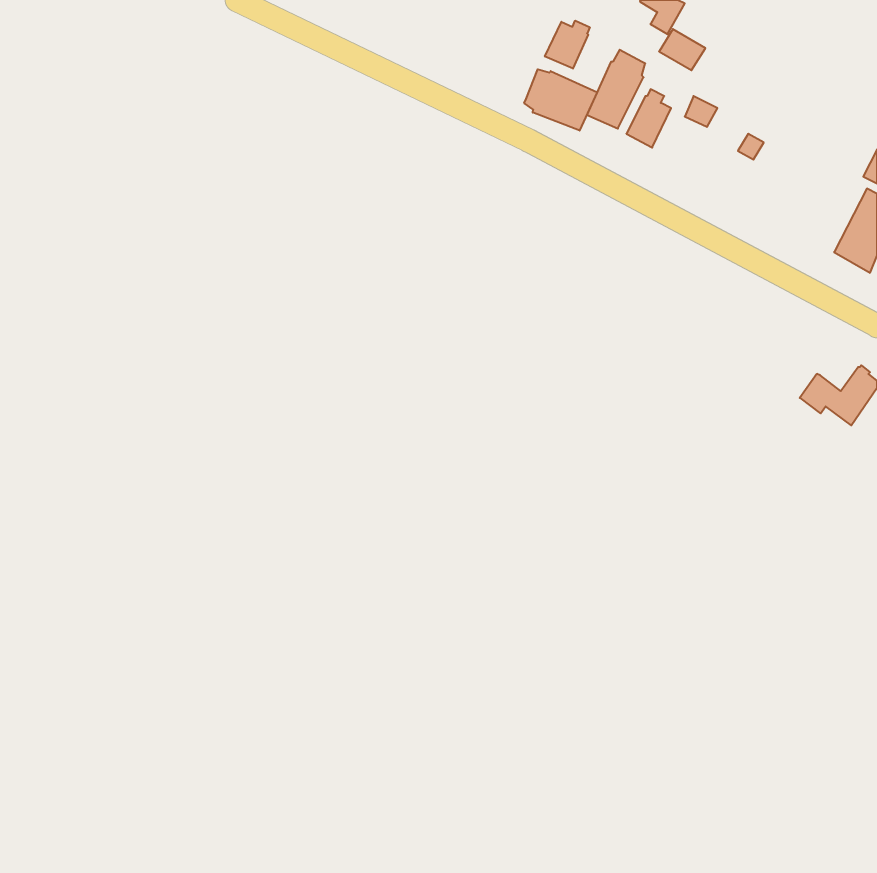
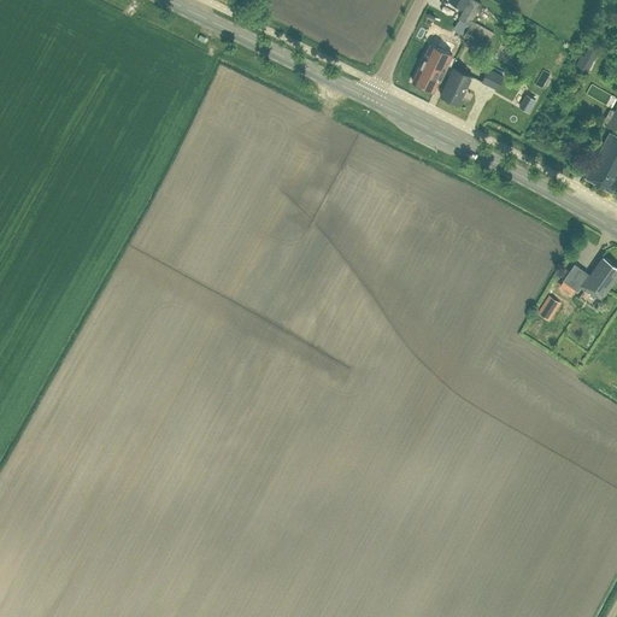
building: [545,21,590,69] -> none
building: [524,69,597,131] -> none

